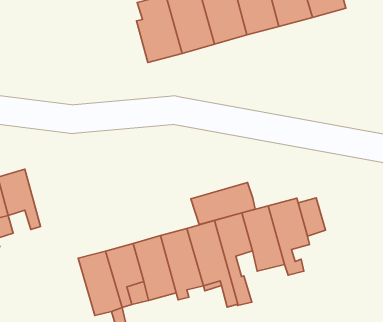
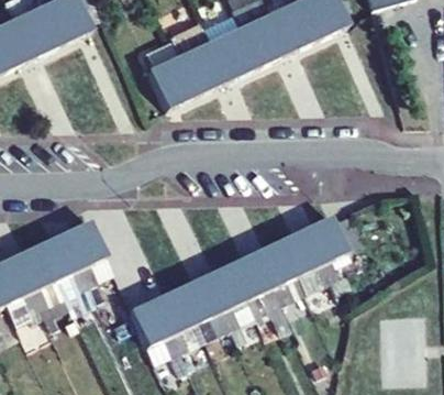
building: none -> [63,221,112,303]
building: [191,183,255,225] -> none

